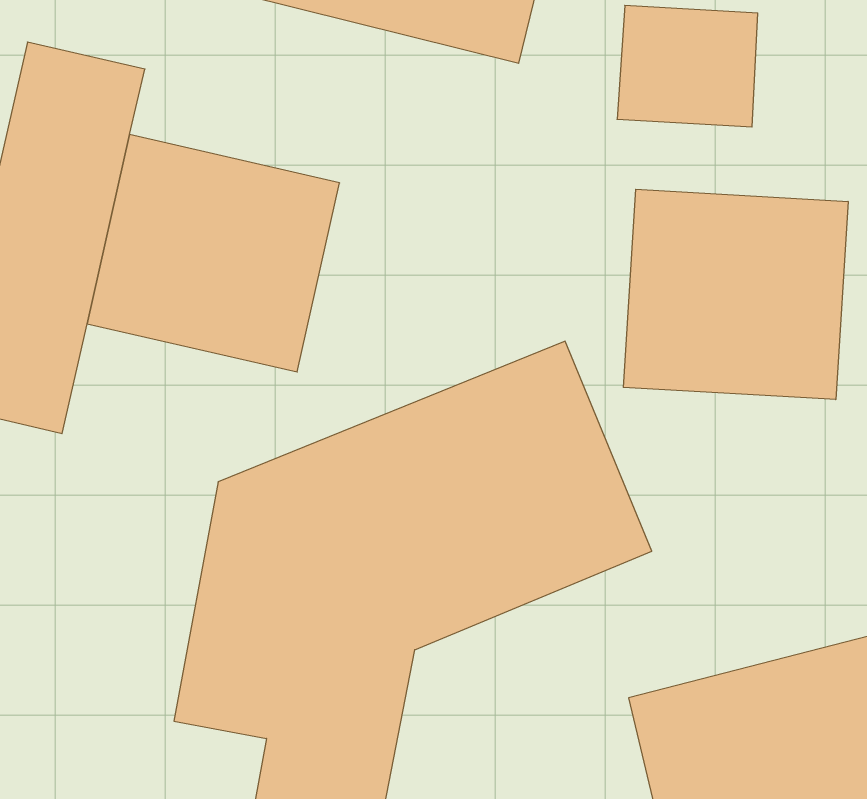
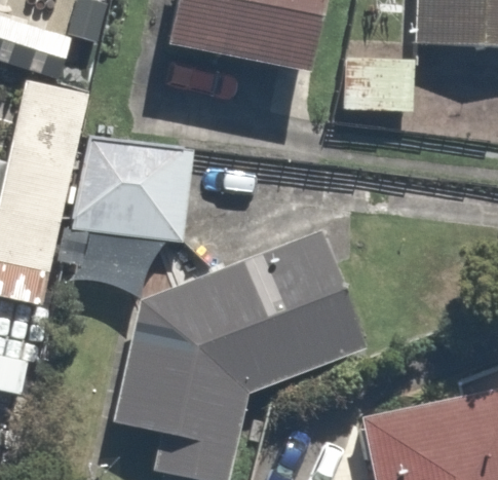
building: [623,189,848,400] -> none

